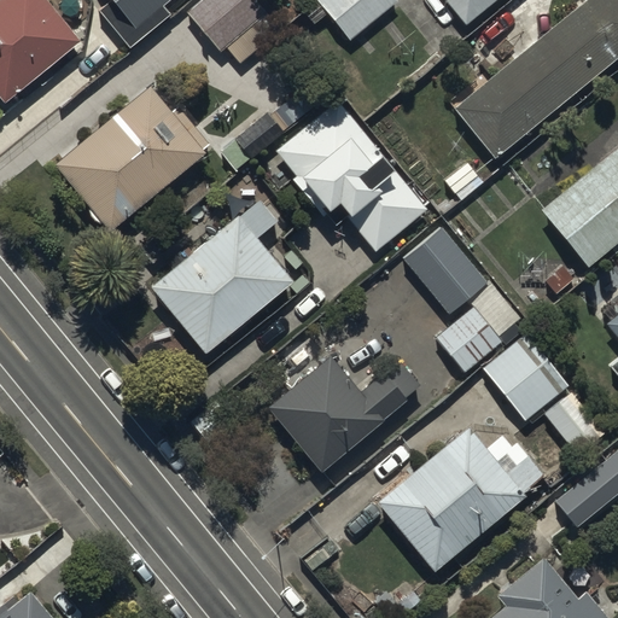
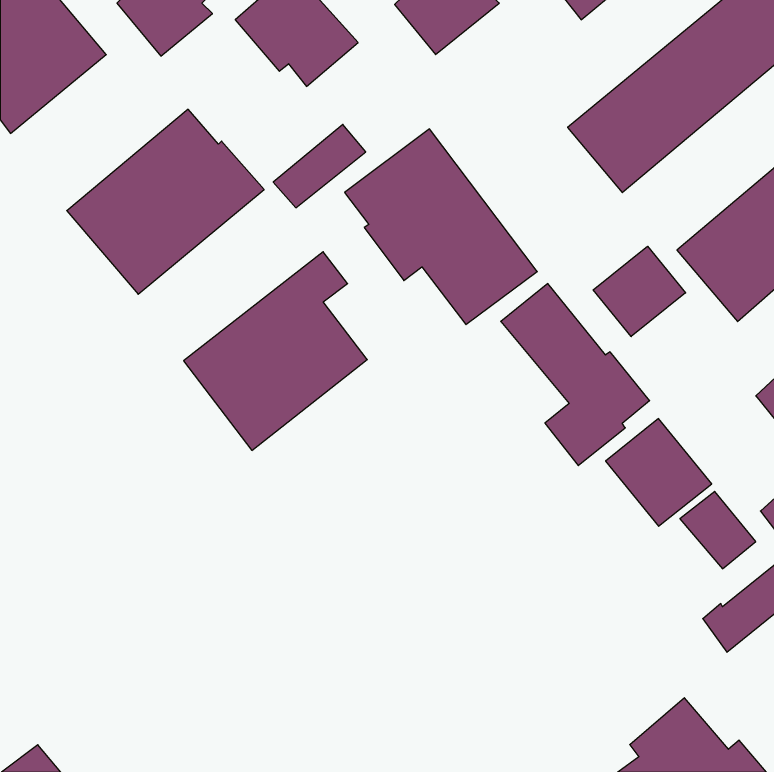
building: none -> [593,246,686,337]
building: [272,357,422,473] -> none
building: [377,428,543,572] -> none

